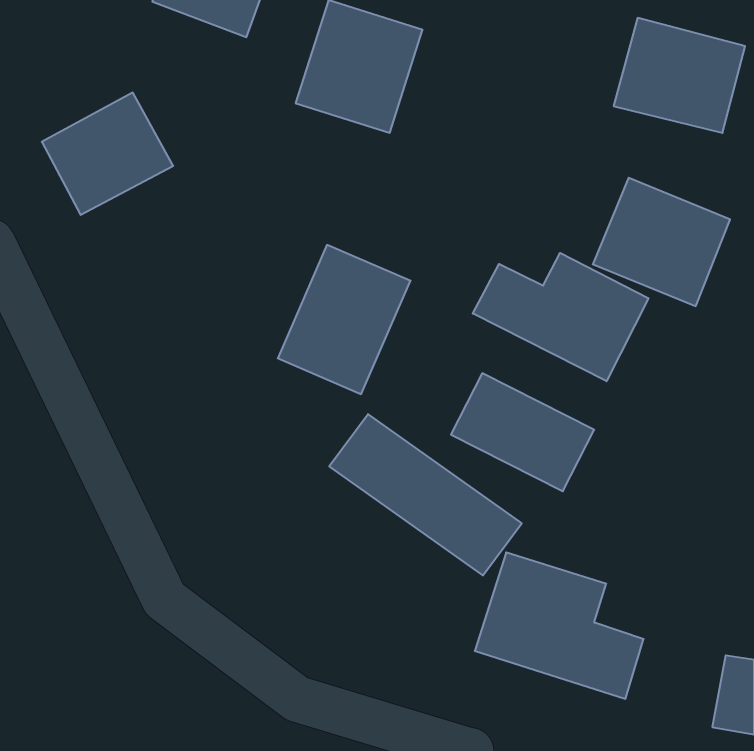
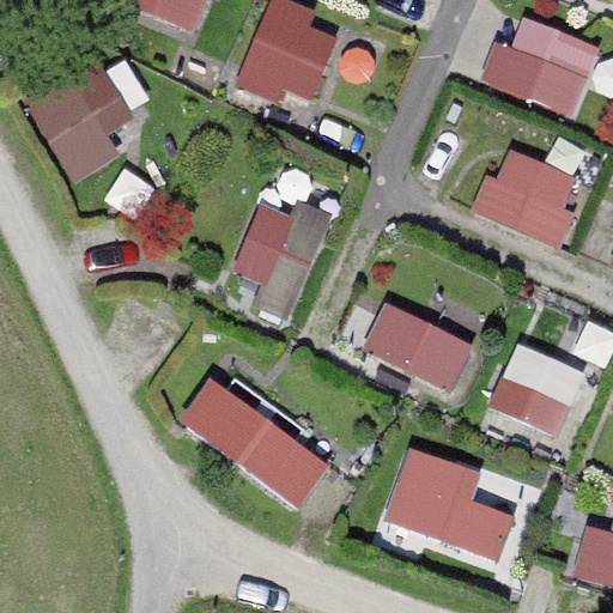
building: [473,253,648,381] -> none
building: [329,414,522,575] -> [177,381,332,510]
building: none -> [488,344,587,435]

